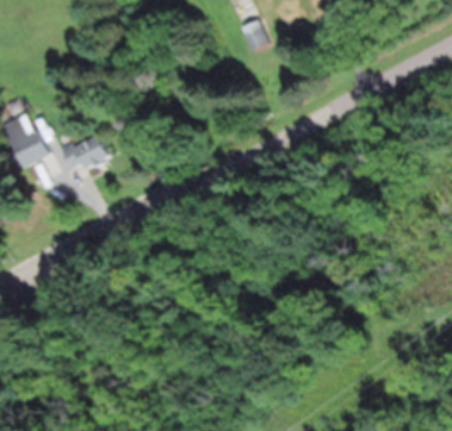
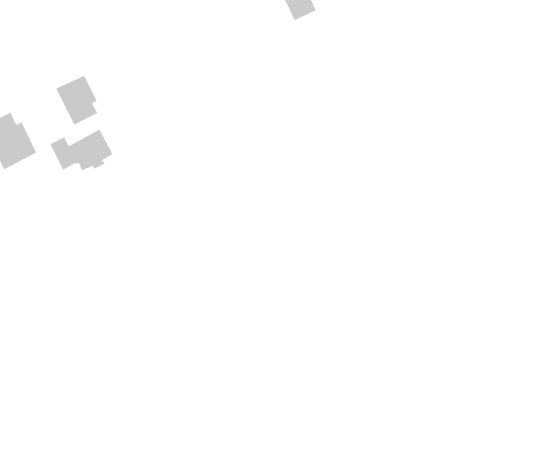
building: none -> [55,75,98,126]

